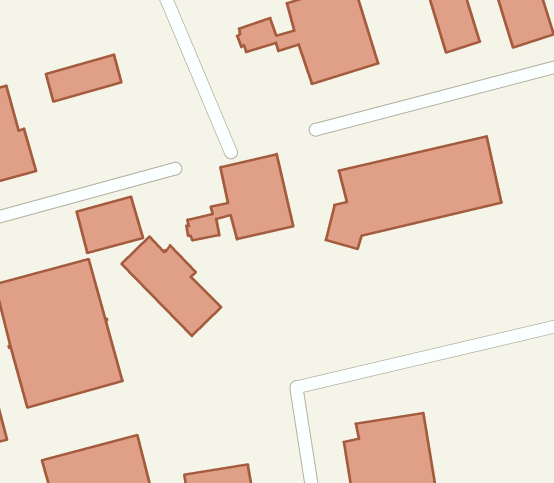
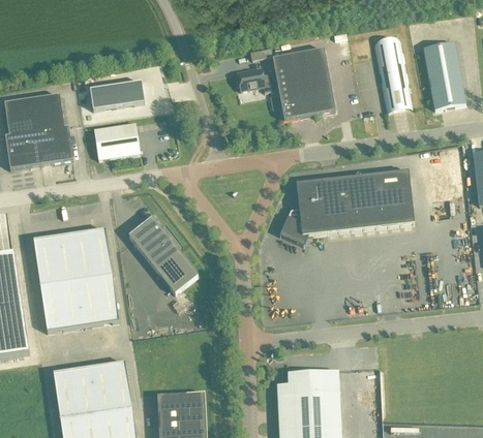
building: [186,154,293,240] -> none
building: [77,197,143,253] -> [93,121,140,158]

